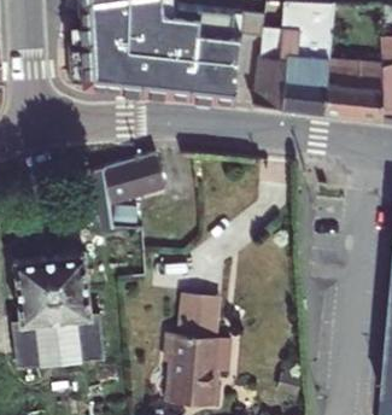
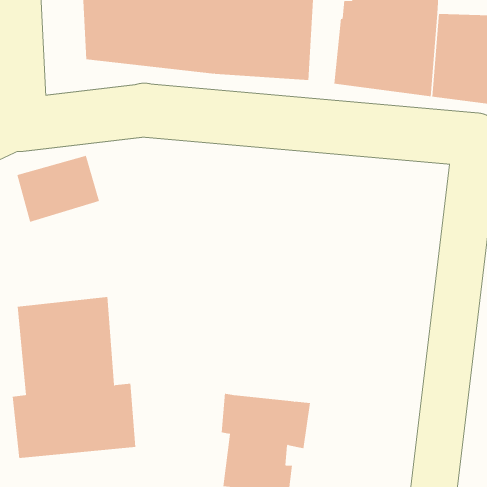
building: [101,156,163,205] -> [16,155,100,222]
building: [182,288,230,333] -> none

